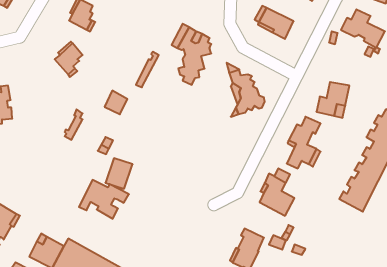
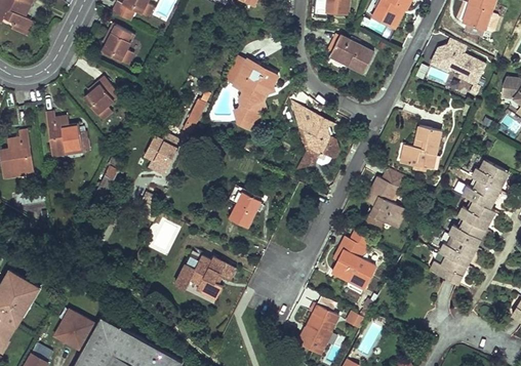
building: none -> [45,113,83,155]
building: none -> [229,192,262,228]
building: [79,180,129,219] -> [175,252,236,299]

